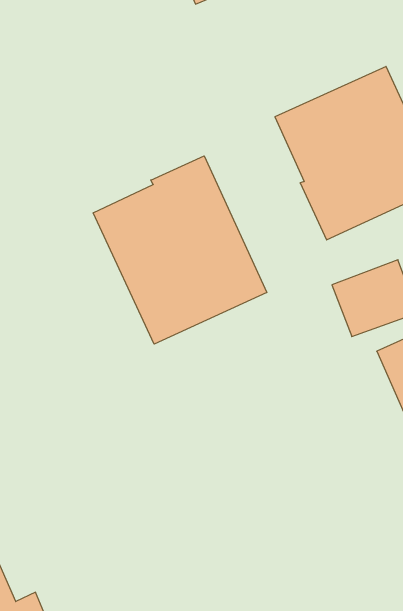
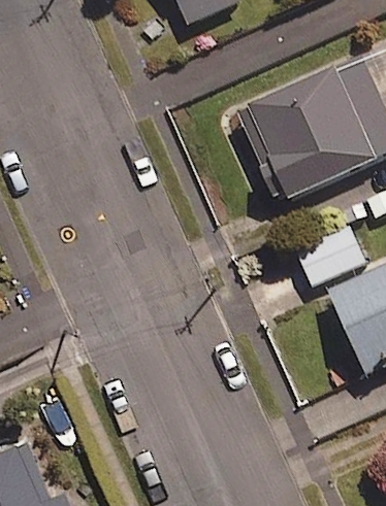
building: [93,156,267,344] -> none

